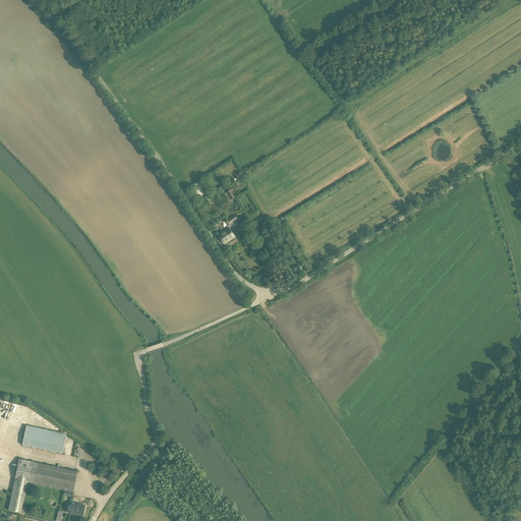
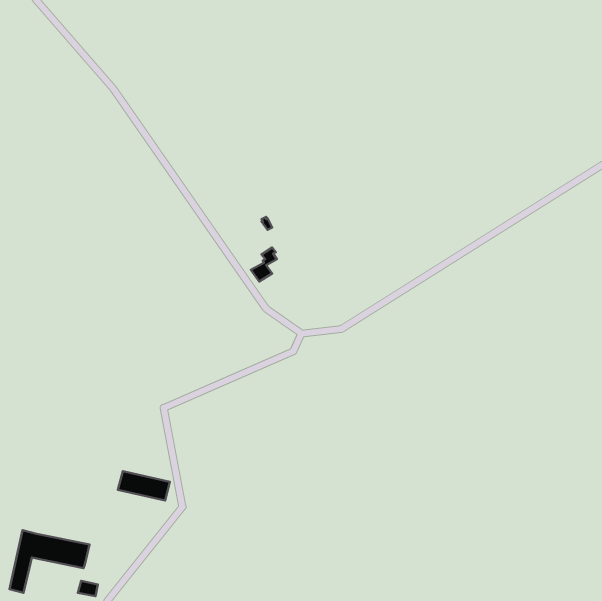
building: [21,427,66,453] -> [118,471,170,501]

